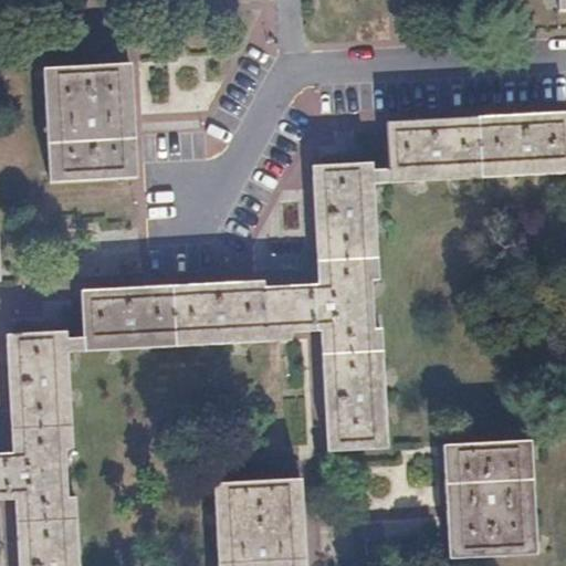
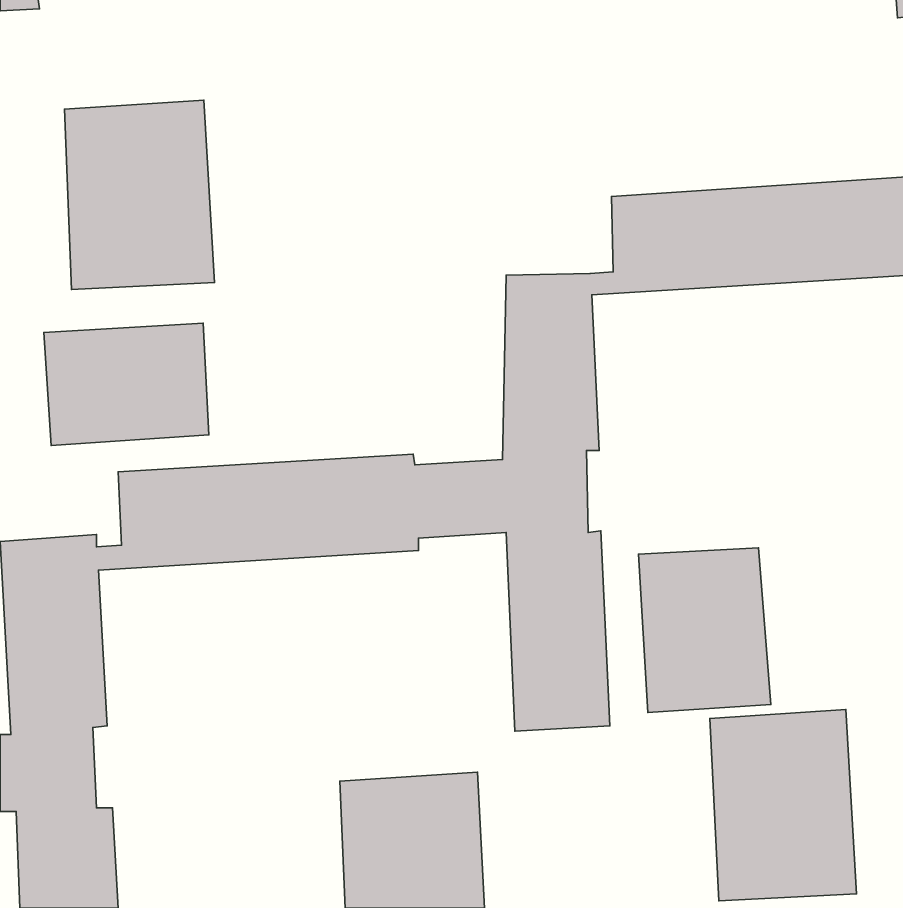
building: none -> [44,323,209,446]
building: none -> [639,548,771,713]

